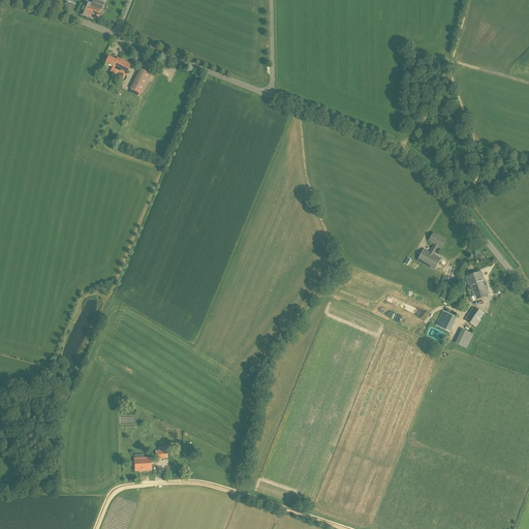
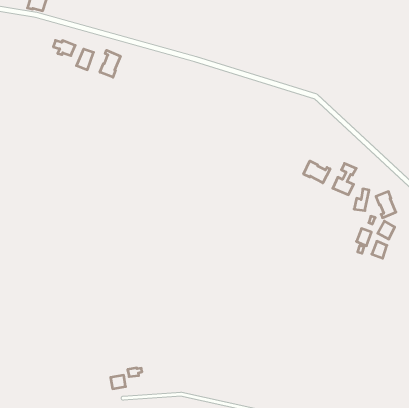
building: none -> [100,50,120,77]
building: none -> [304,161,330,183]

